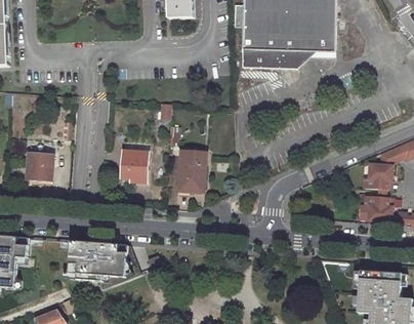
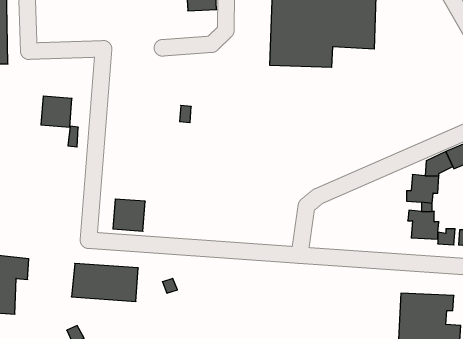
building: [121,151,150,179] -> [113,199,145,231]
building: [178,151,205,190] -> none
building: [27,153,54,180] -> [41,96,72,127]

